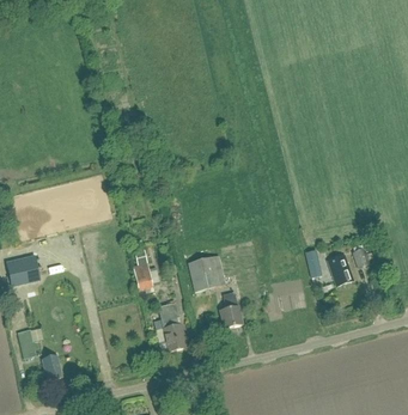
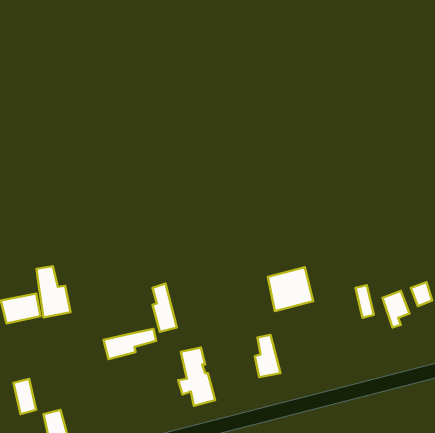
building: none -> [37,266,70,317]
building: [188,255,226,292] -> [268,267,313,311]
building: none -> [103,329,156,359]

